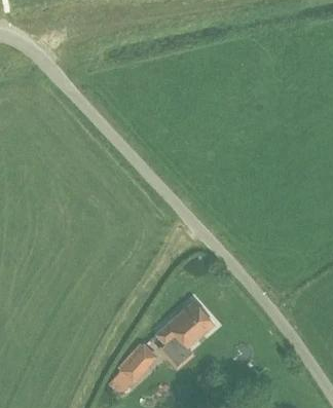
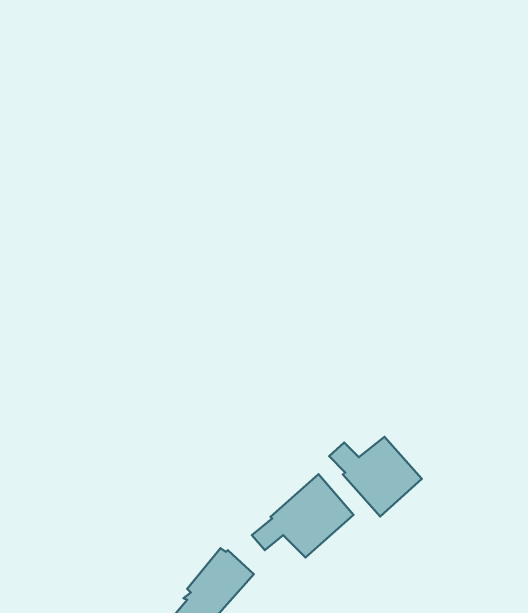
building: none -> [329,437,422,516]

